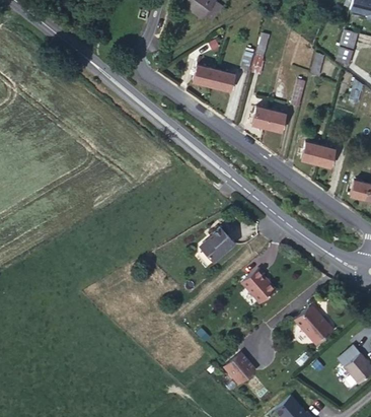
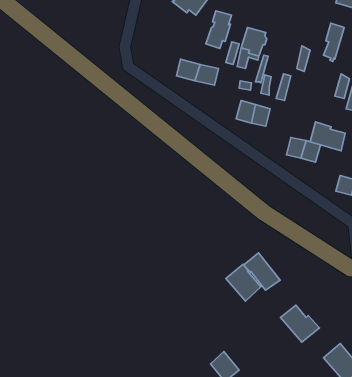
building: none -> [206,11,232,49]
building: none -> [310,122,345,151]
building: [201,227,235,262] -> none
building: none -> [244,253,280,290]

